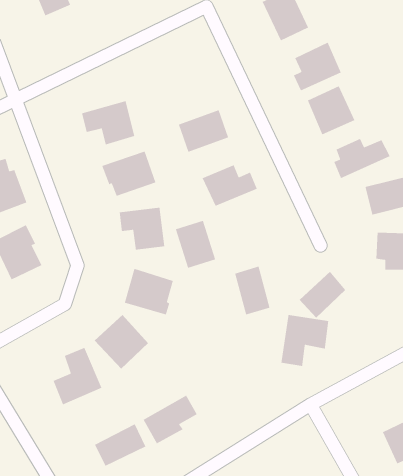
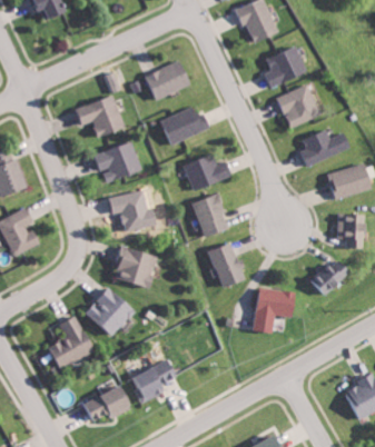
building: none -> [145,59,190,100]
building: [175,220,216,269] -> [191,195,228,238]
building: [299,271,346,318] -> [308,256,351,298]

